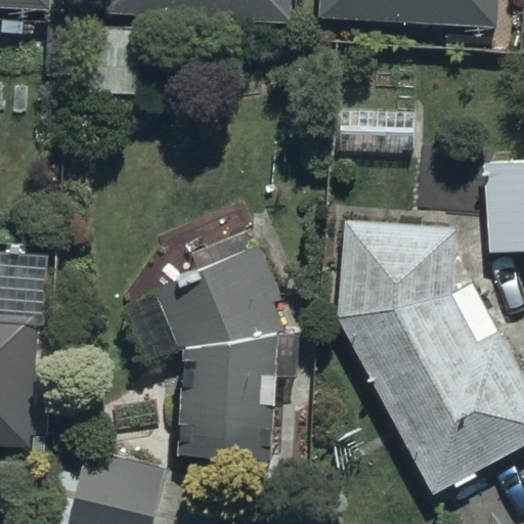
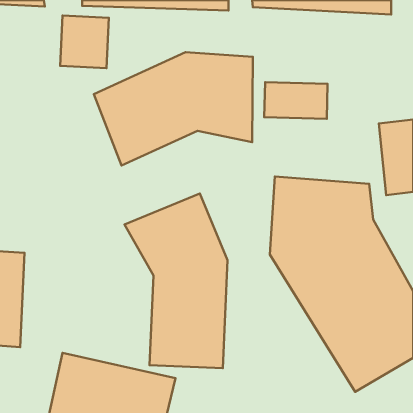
building: none -> [94,52,253,166]

